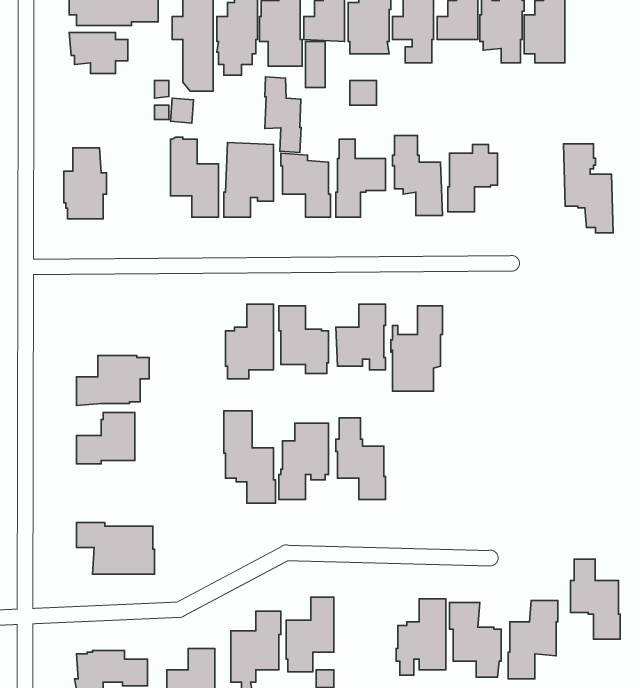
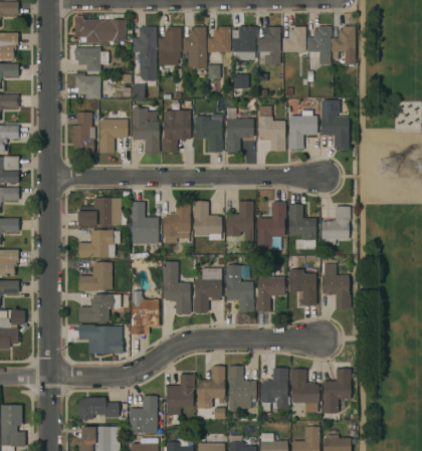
building: [265,77,301,153] -> none
building: none -> [74,72,100,98]
building: [563,144,613,233] -> [321,99,349,150]
building: none -> [98,119,128,153]
building: none -> [77,198,127,226]
building: none -> [130,202,158,244]
building: none -> [288,204,315,249]
building: none -> [322,206,350,244]
building: none -> [288,269,315,305]
building: none -> [255,276,284,311]
building: none -> [131,291,159,334]
building: none -> [78,294,121,321]
building: [570,559,620,639] -> [322,263,350,308]
building: none -> [227,366,255,412]

